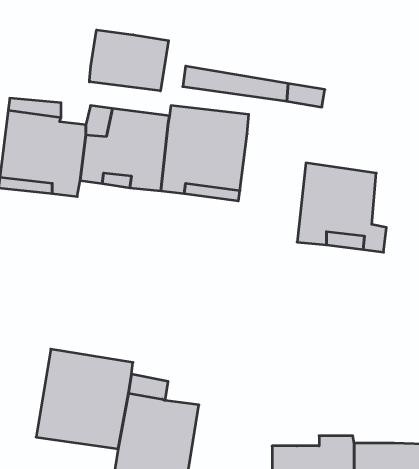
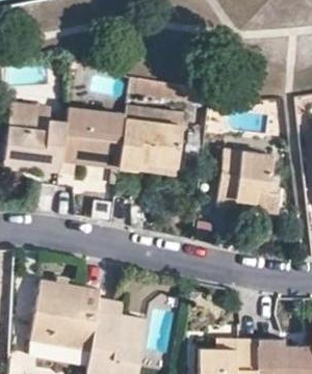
building: [89,30,169,91] -> none

